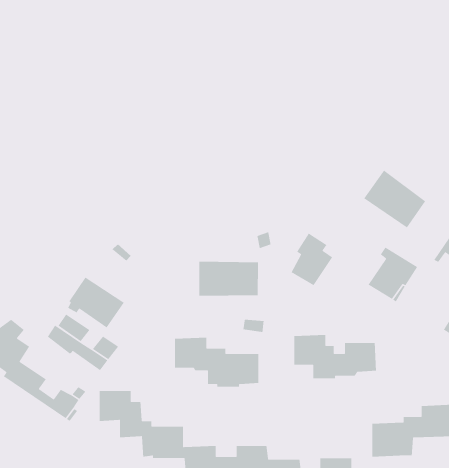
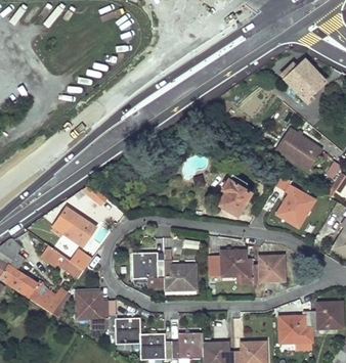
building: none -> [280,59,326,100]
building: [199,261,259,297] -> none

